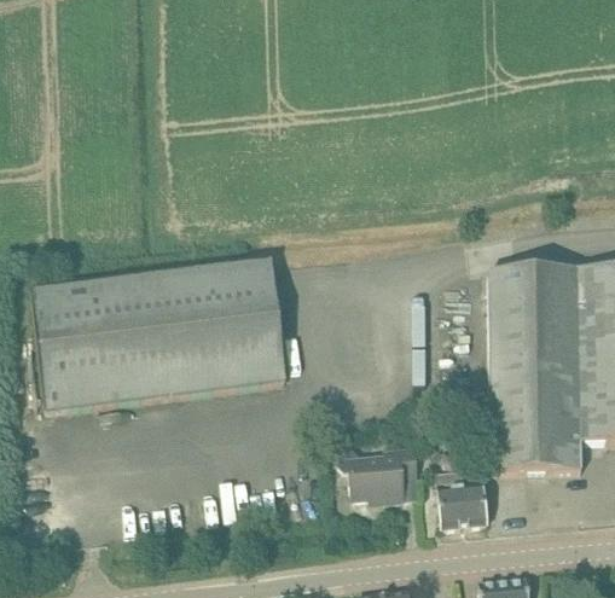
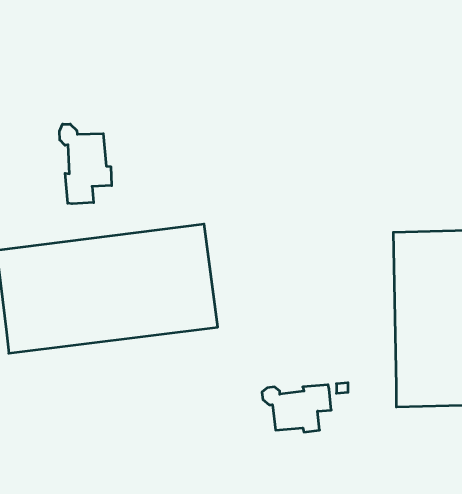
building: none -> [59,124,112,204]
building: [436,461,487,526] -> none

